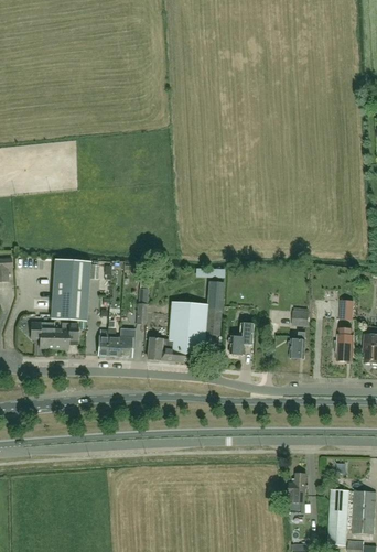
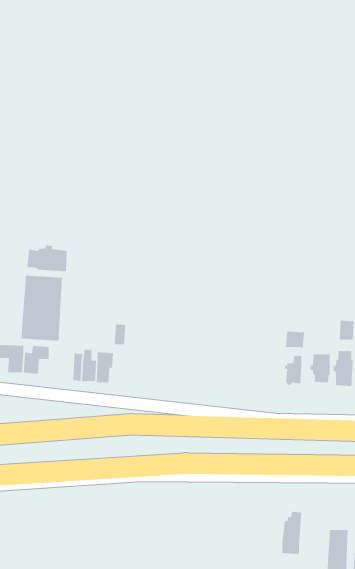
building: none -> [27,245,68,272]
building: [147,281,224,361] -> none
building: [228,323,252,356] -> none
building: none -> [309,353,330,383]

